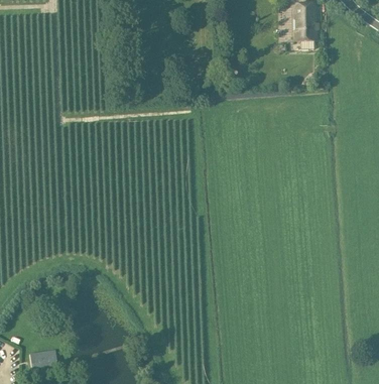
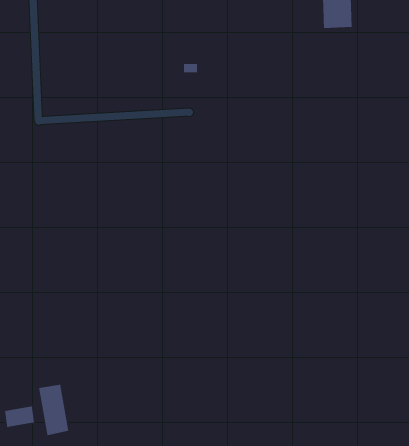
building: none -> [38,384,69,436]

